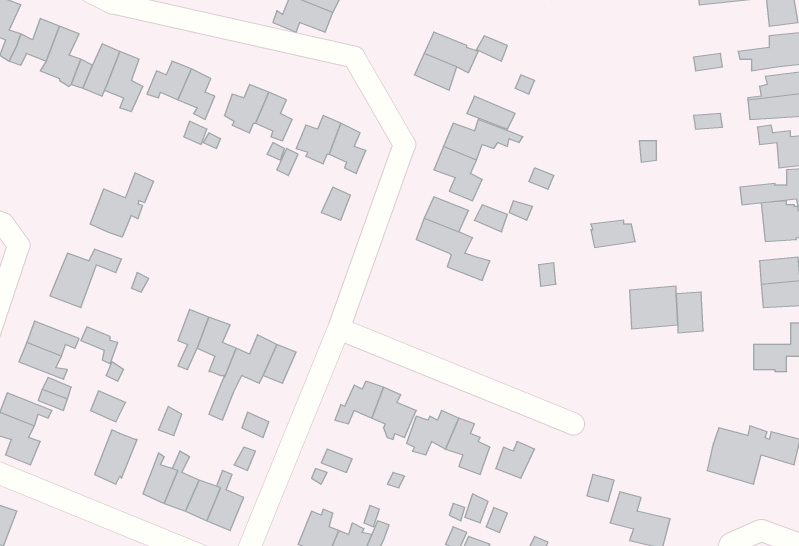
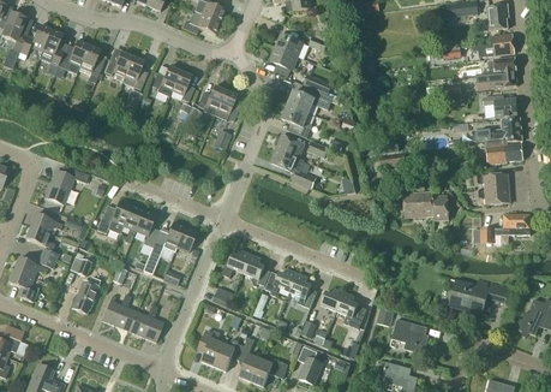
building: [90,173,153,237] -> none
building: none -> [96,200,131,233]
building: none -> [336,292,366,328]

